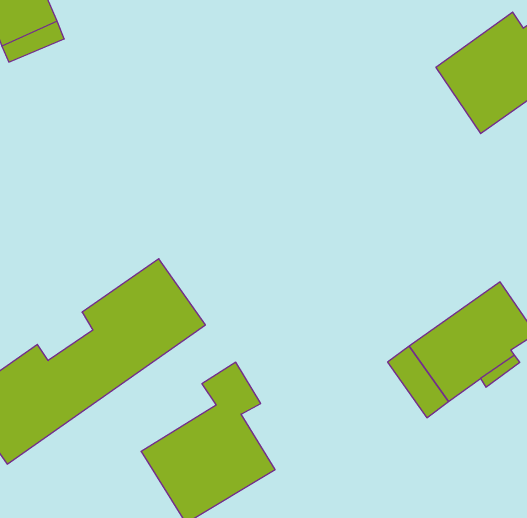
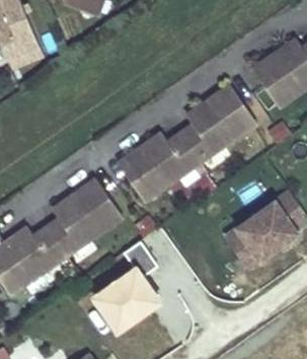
building: none -> [119,85,256,201]

